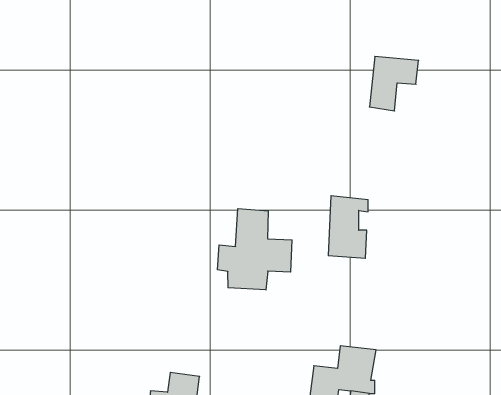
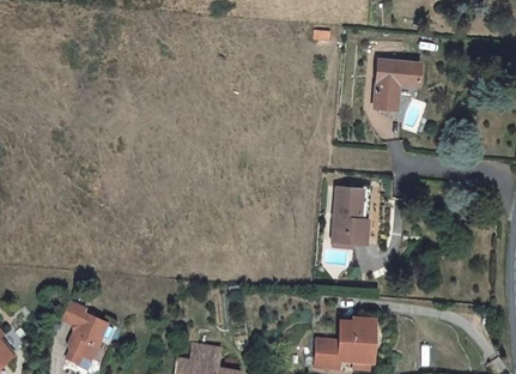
building: [218,209,292,290] -> none
building: none -> [60,300,107,360]

